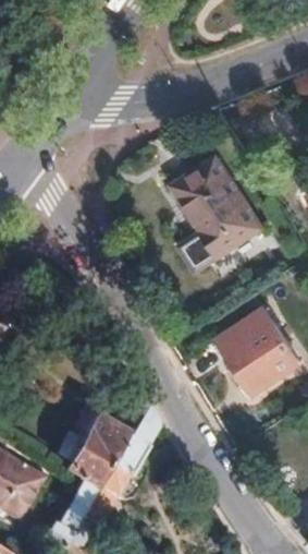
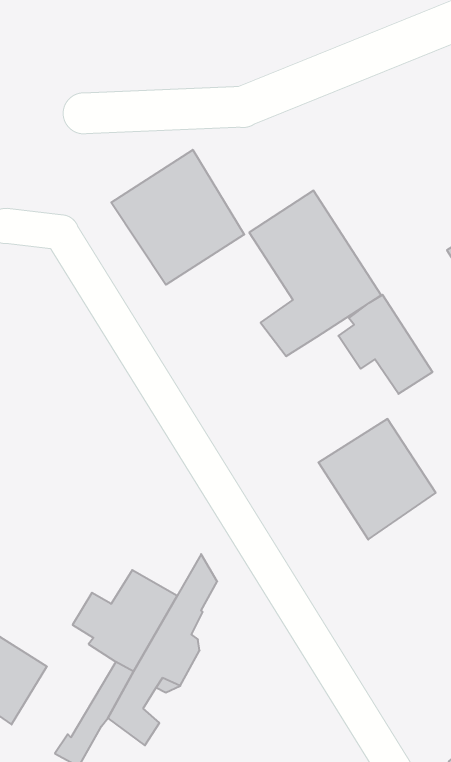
building: none -> [111,150,244,285]
building: none -> [338,295,432,394]

